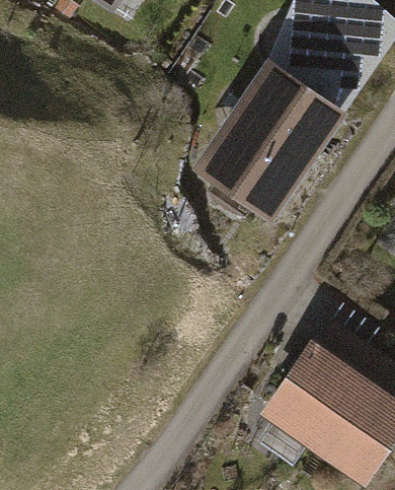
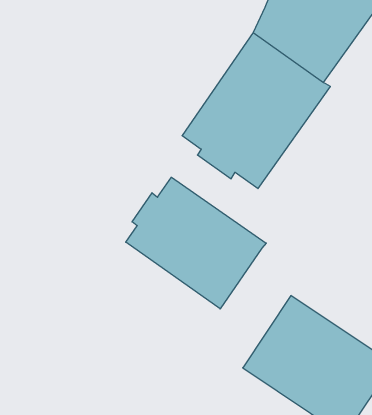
building: none -> [126,177,266,309]

